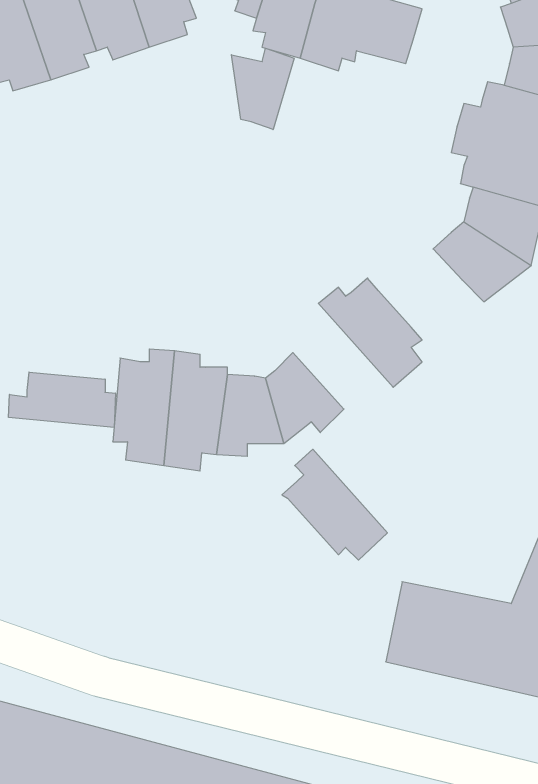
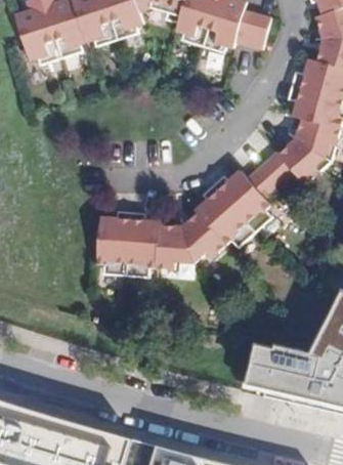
building: [231,48,294,130] -> none
building: none -> [246,151,293,198]
building: [9,372,115,427] -> none
building: [282,449,387,560] -> [195,184,254,247]

